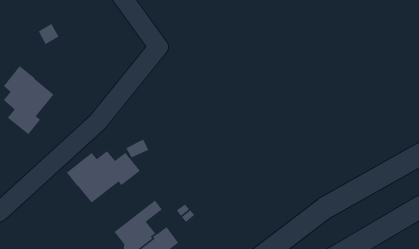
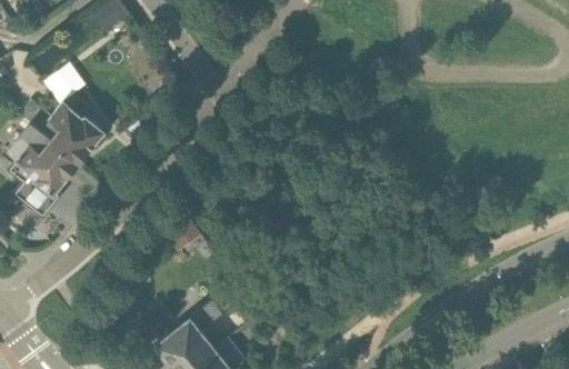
building: none -> [19,94,102,161]
building: [66,150,141,203] -> none

